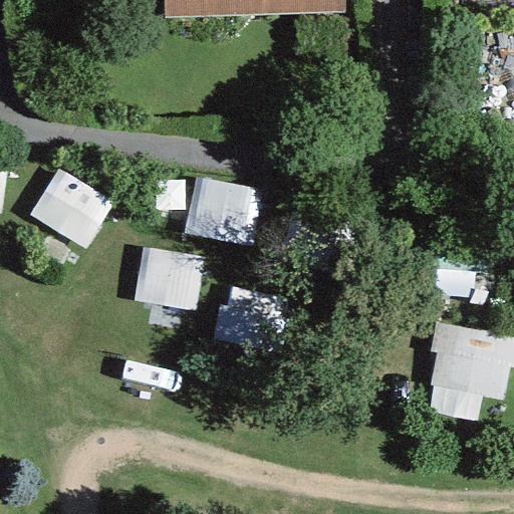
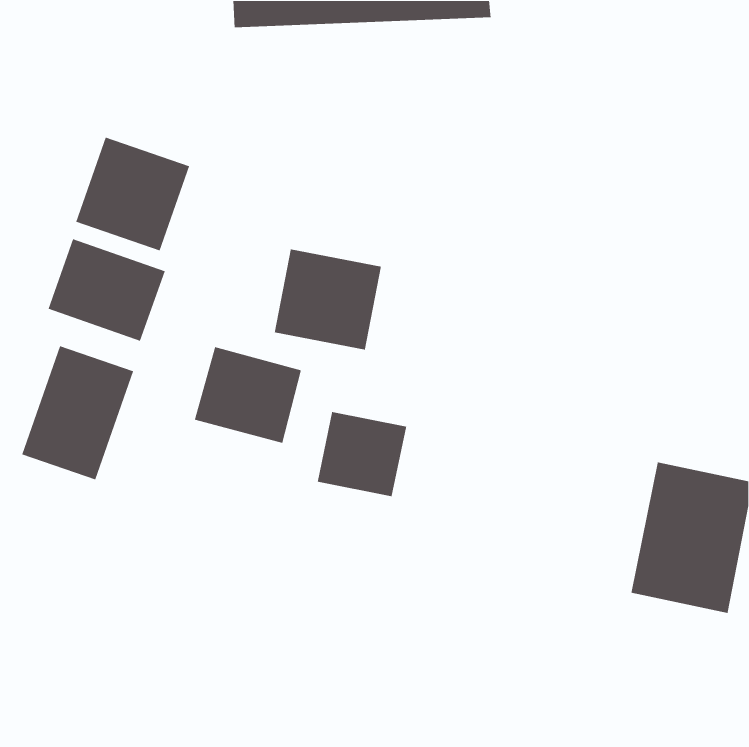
building: none -> [75,136,190,251]
building: none -> [21,345,134,480]

